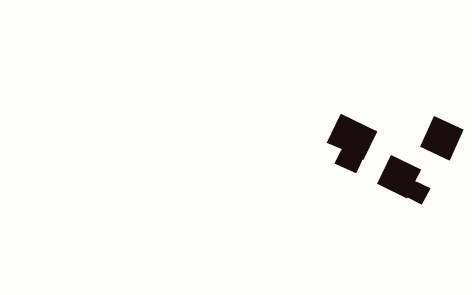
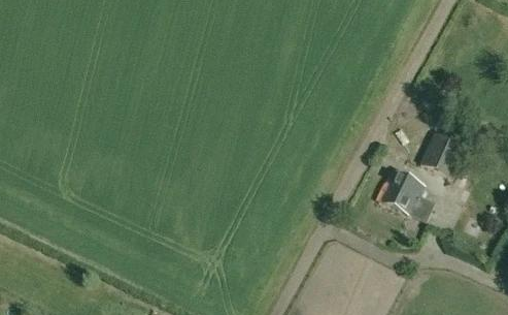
building: [326,113,378,174] -> none

